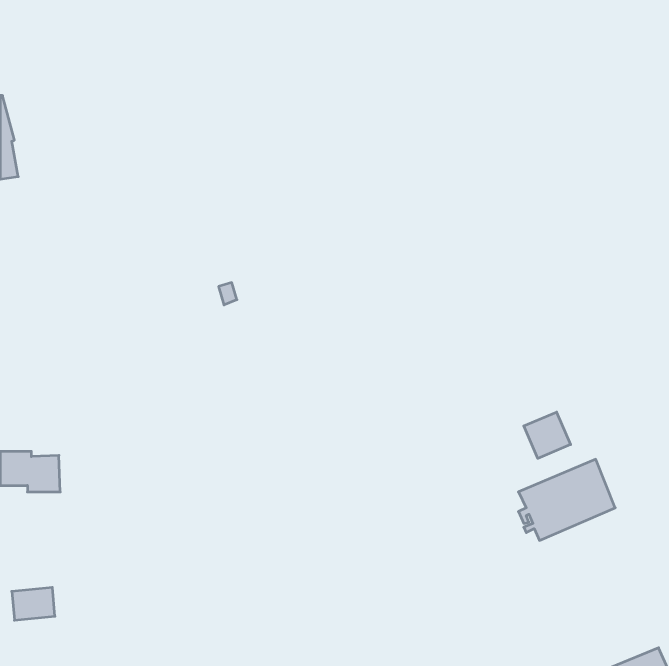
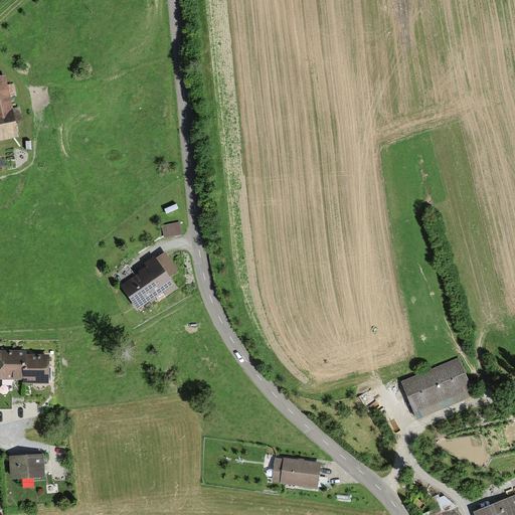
building: none -> [111,255,173,302]
building: [524,412,571,458] -> none
building: none -> [272,457,319,487]

